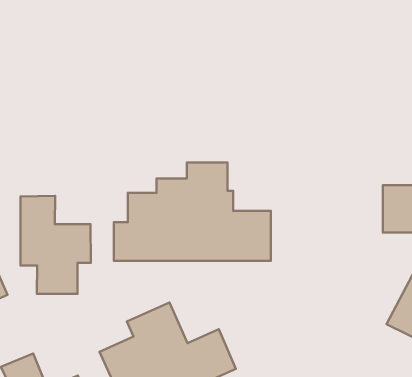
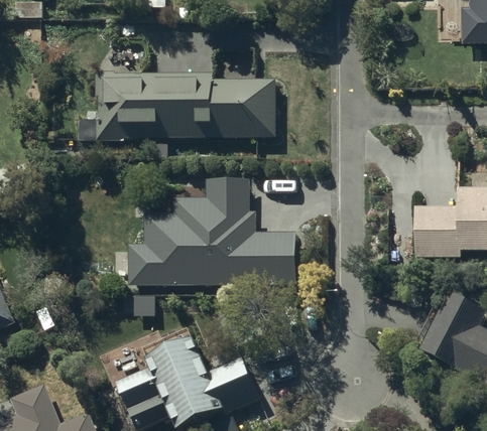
building: none -> [80,69,275,140]
building: [20,196,91,294] -> none

